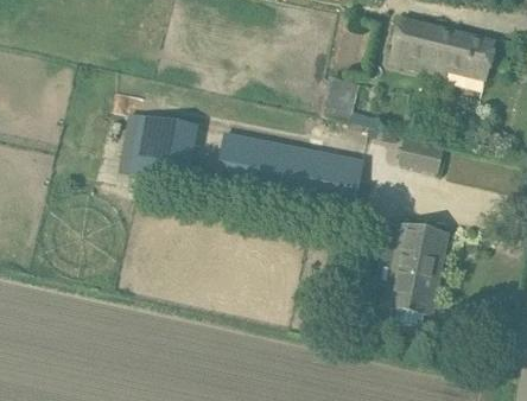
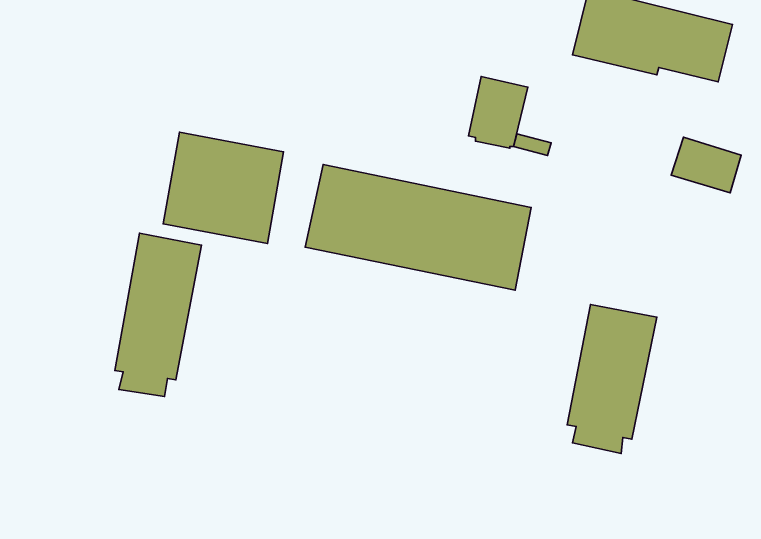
building: [395,134,442,171] -> [671,137,741,193]
building: none -> [115,233,201,397]

